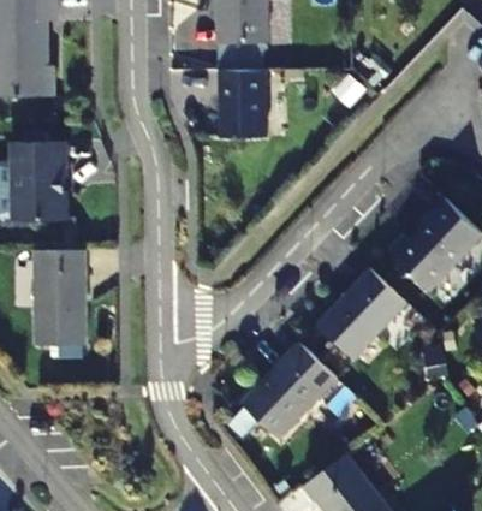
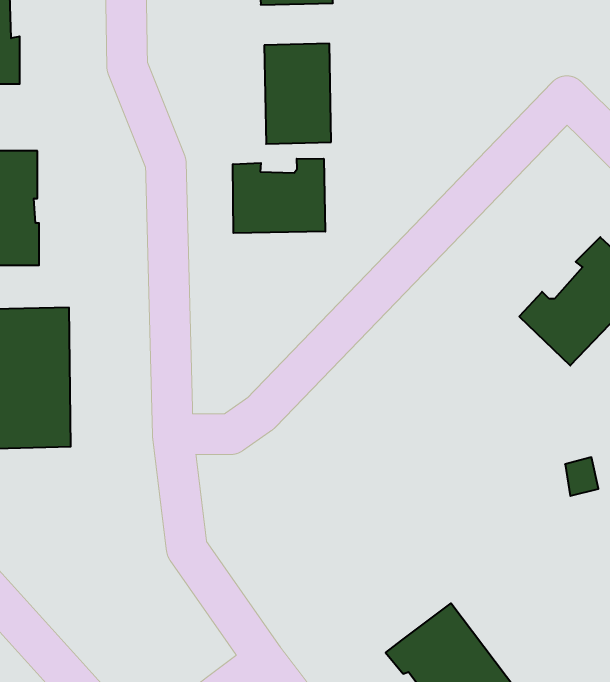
building: none -> [233,159,325,233]
building: [316,269,406,361] -> none
building: [242,343,337,440] -> none

